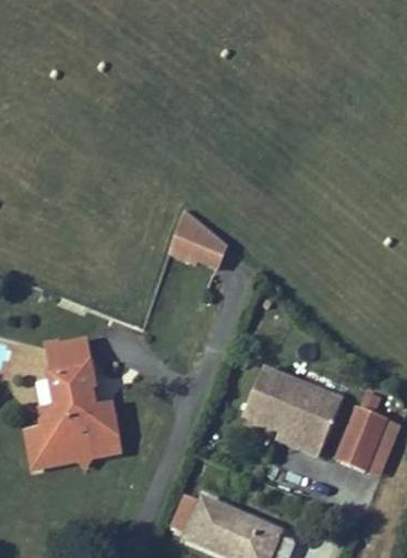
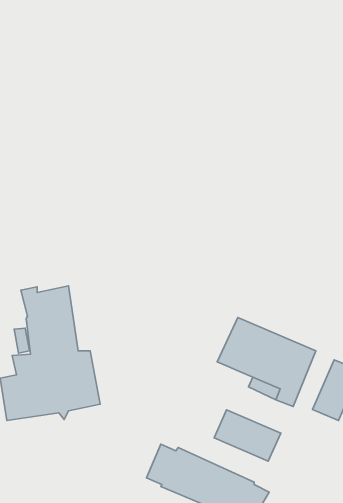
building: [170,206,227,265] -> none
building: none -> [214,410,281,461]

